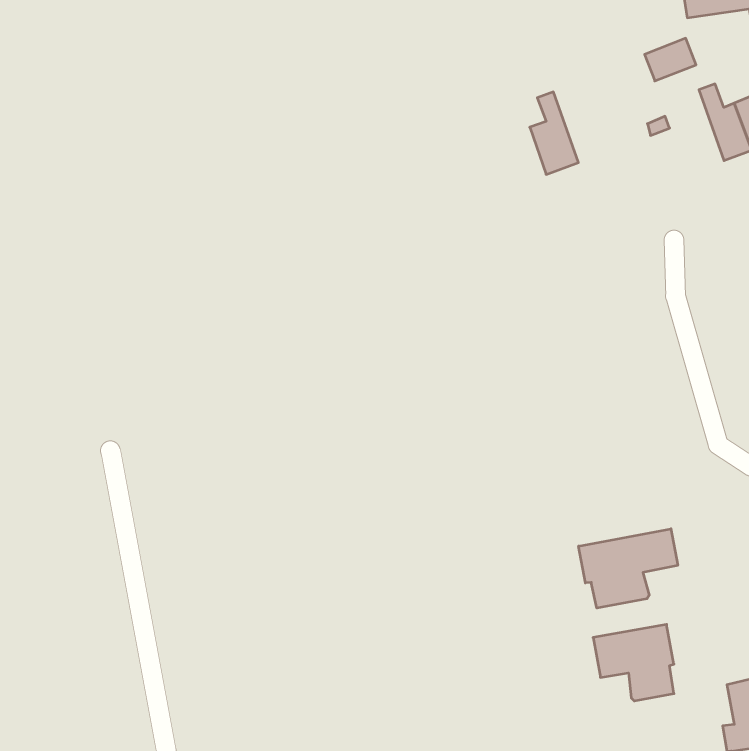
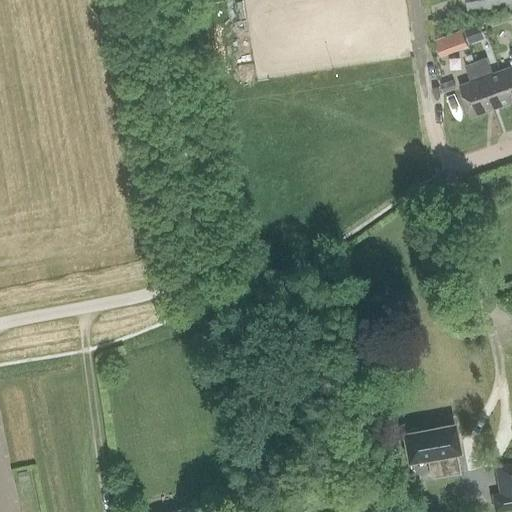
building: [530,92,578,174] -> [461,61,494,117]
building: [579,529,678,608] -> none

